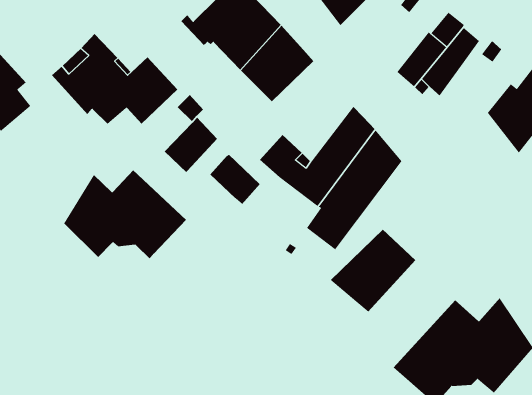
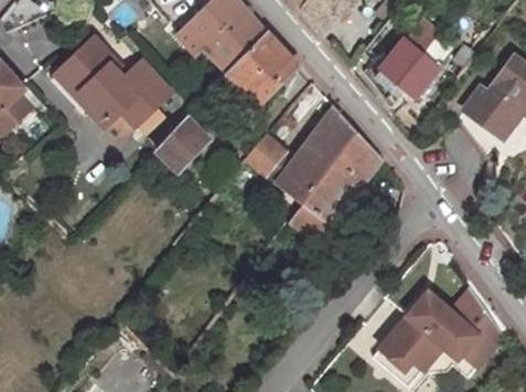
building: [209,154,261,205] -> none
building: [64,170,187,259] -> none
building: [330,229,416,313] -> none

